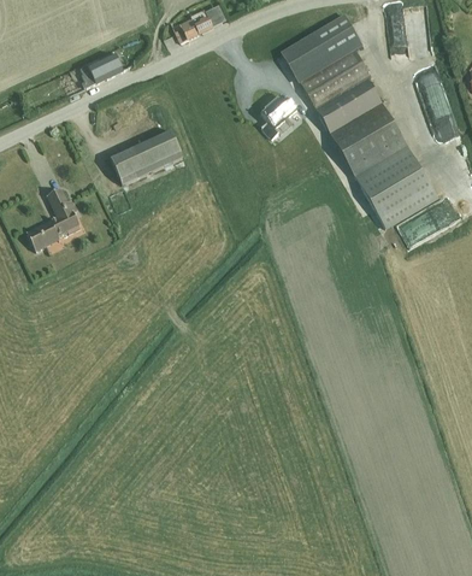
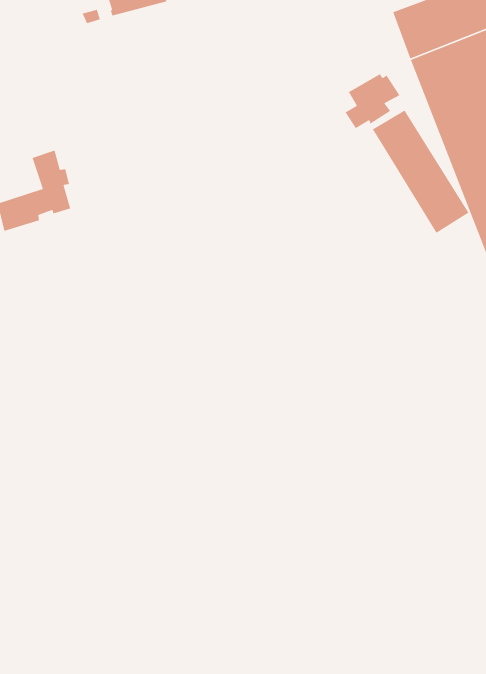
building: none -> [372,110,470,234]
building: [110,130,182,184] -> none

